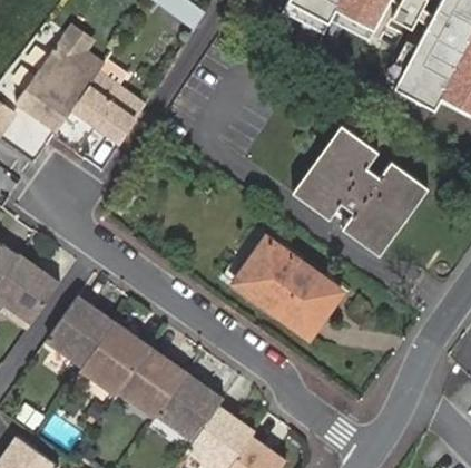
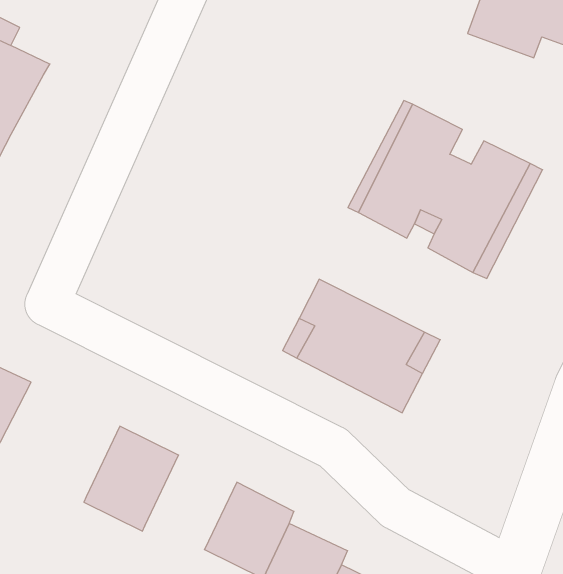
building: [71,74,145,144] -> none
building: [49,294,115,364] -> none
building: [121,345,188,415] -> none

